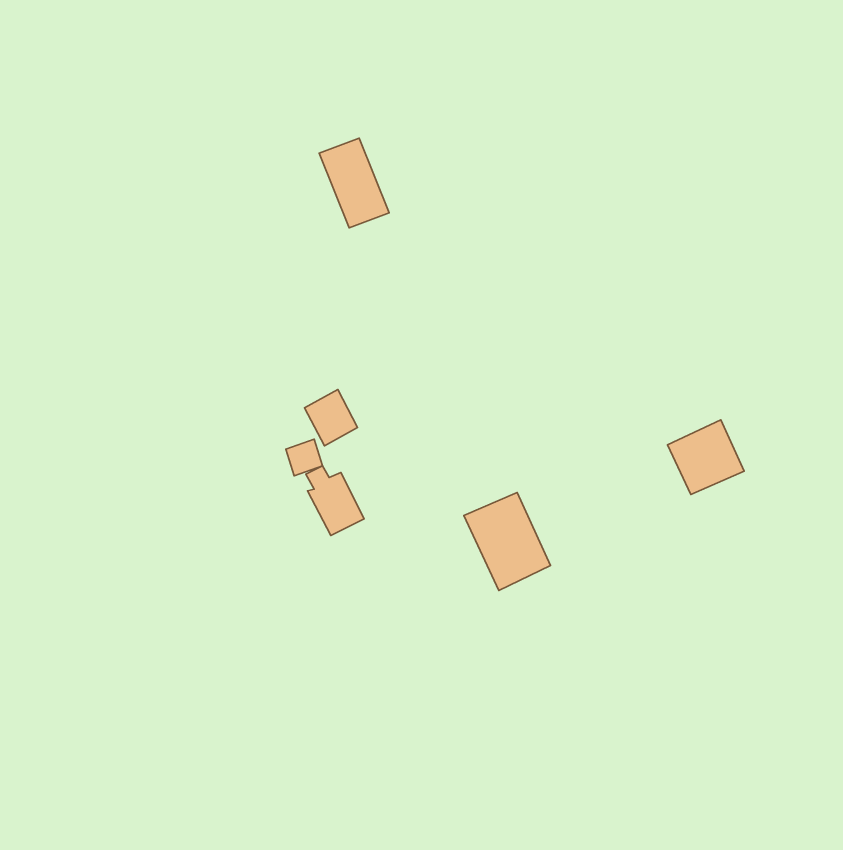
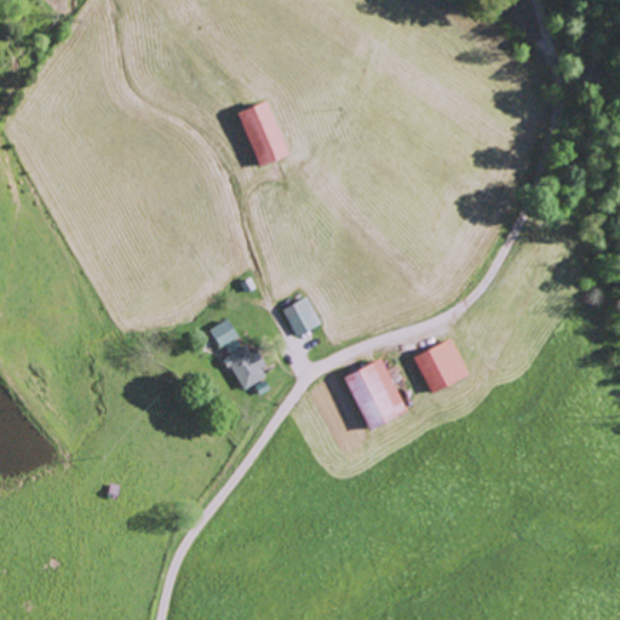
building: [304,389,358,446] -> [285,295,323,337]
building: [668,420,744,495] -> [414,338,470,392]

